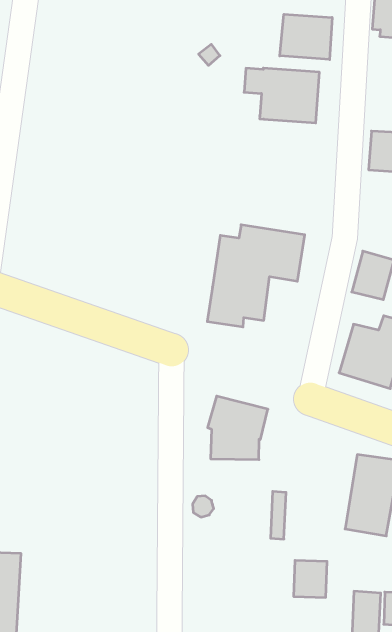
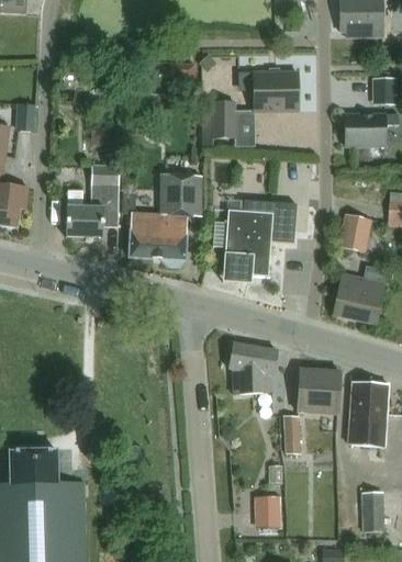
building: [280,14,332,60] -> none
building: none -> [213,100,256,146]
building: none -> [66,165,119,237]
building: none -> [129,173,201,266]
building: none -> [298,367,340,412]
building: [294,560,327,597] -> [252,496,279,527]

